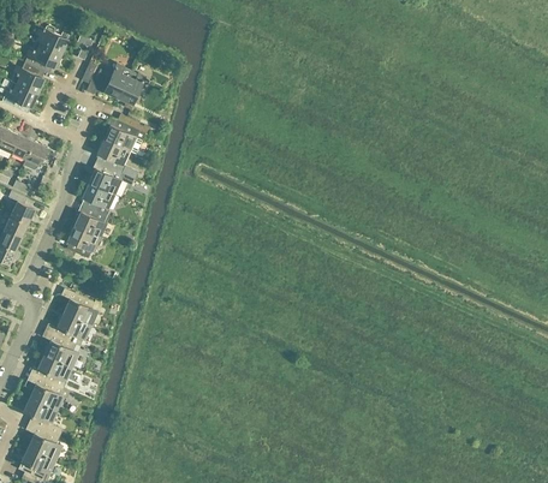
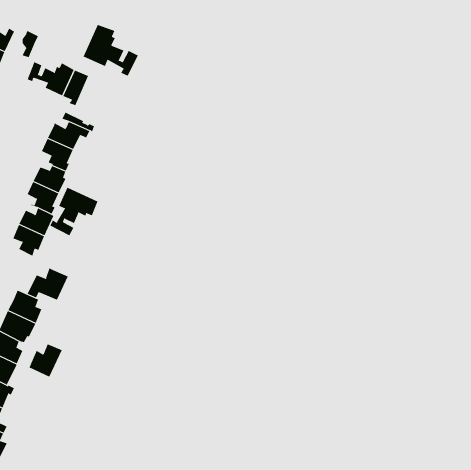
building: none -> [83,24,139,77]
building: none -> [50,187,98,236]
building: none -> [27,267,68,301]
building: none -> [29,343,63,377]

